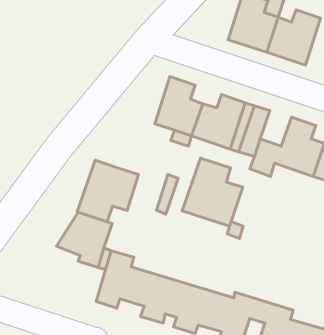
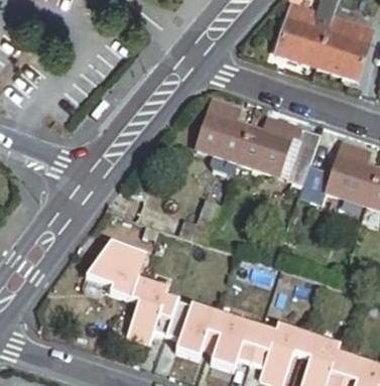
building: [182,158,243,226] -> none
building: [77,160,138,222] -> none

